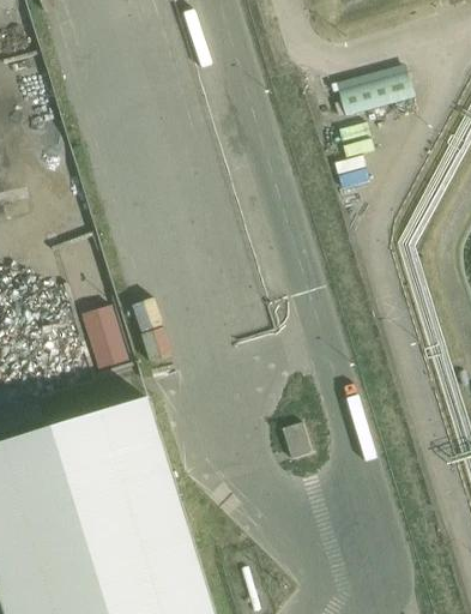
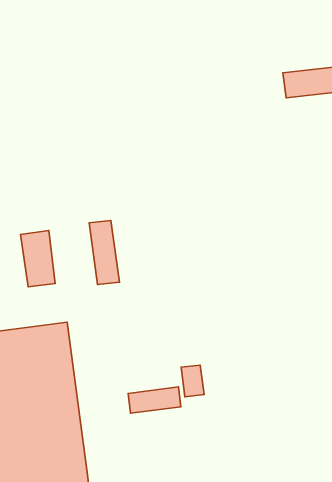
building: none -> [89,220,120,285]
building: none -> [128,387,181,413]

